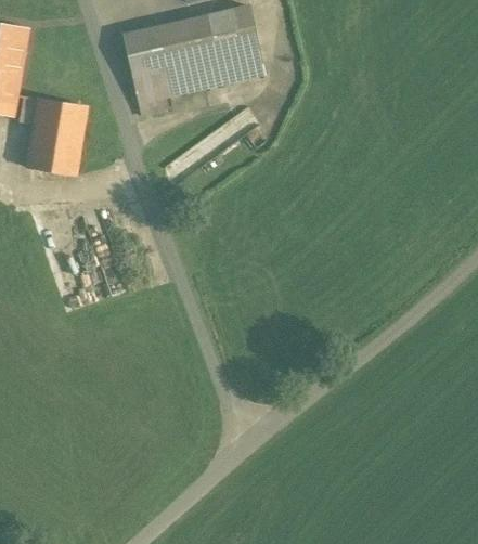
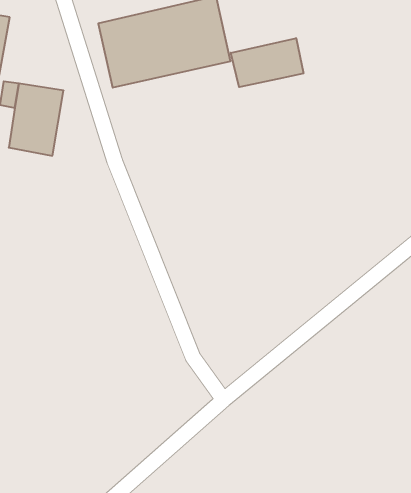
building: none -> [231,38,303,87]

